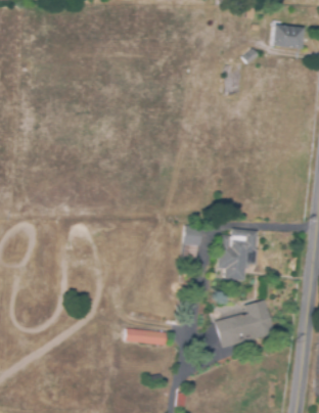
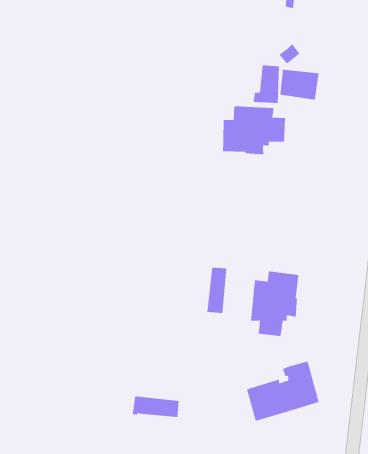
building: [273,25,305,49] -> [280,69,319,100]
building: none -> [223,106,285,155]

